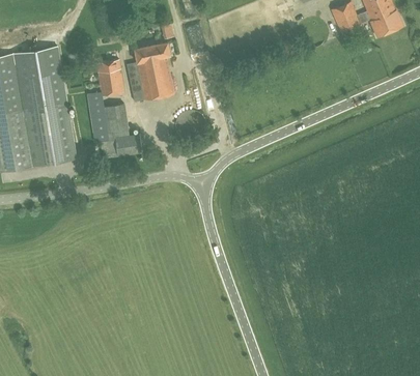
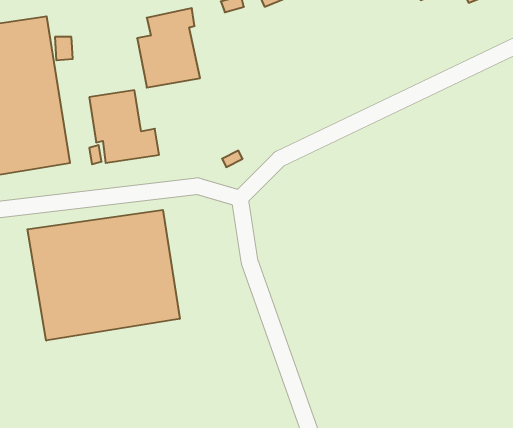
building: [95,58,123,94] -> none
building: none -> [27,210,180,341]

